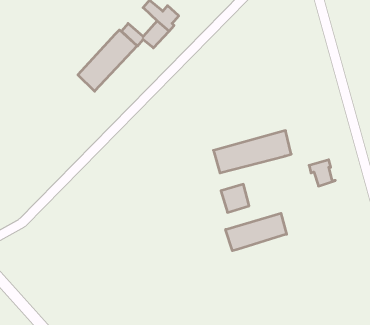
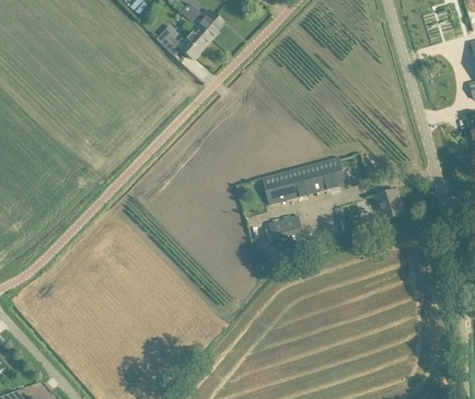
building: [78,30,137,91] -> none
building: [226,213,287,251] -> none

